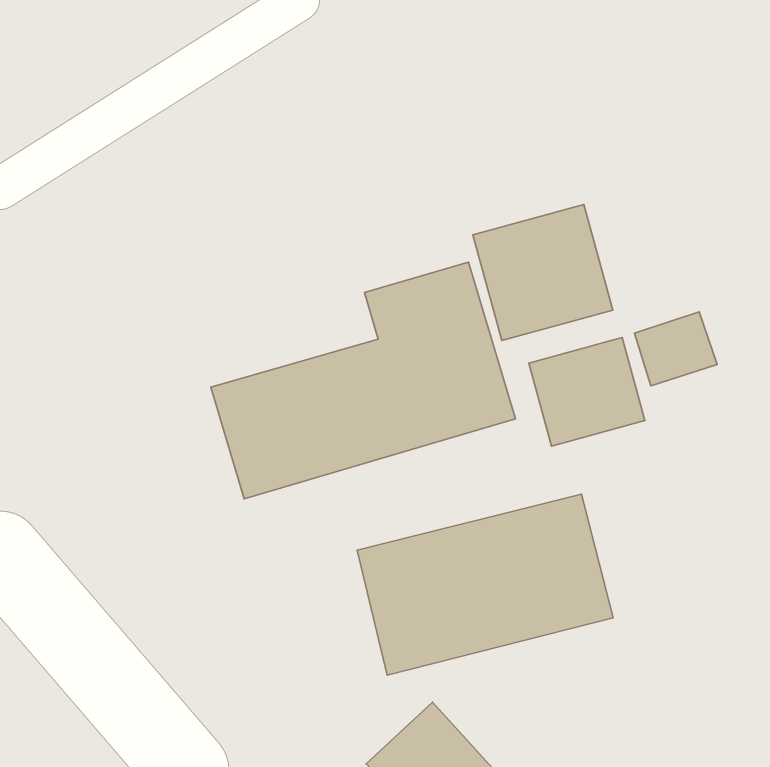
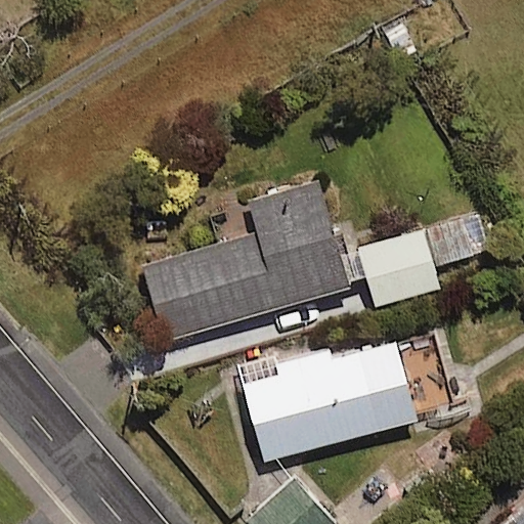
building: [473,205,613,341] -> none

